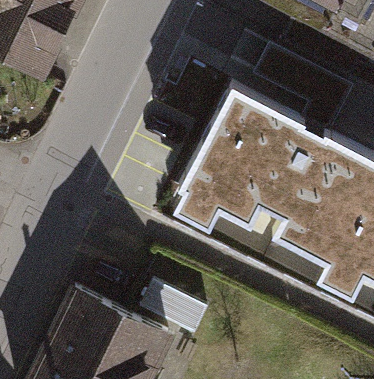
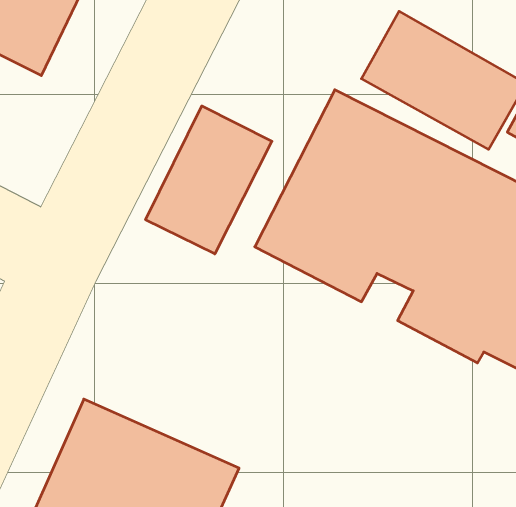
building: none -> [146,106,272,254]

